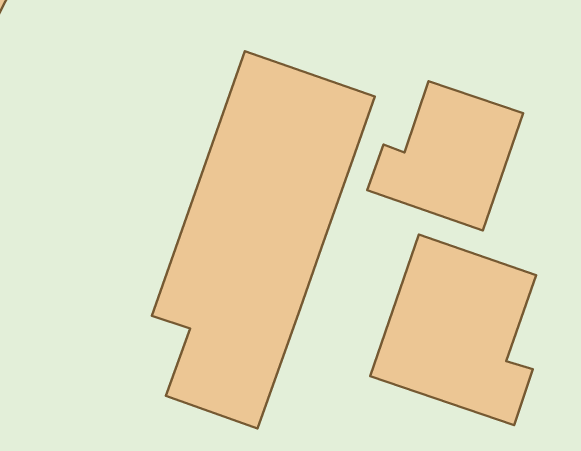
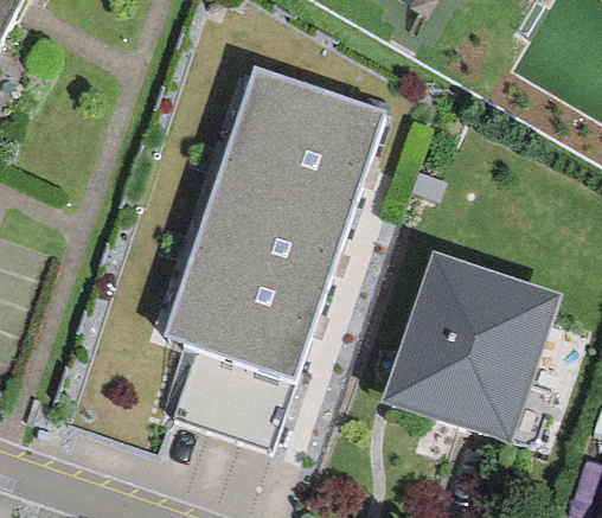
building: [367,81,523,231] -> none

